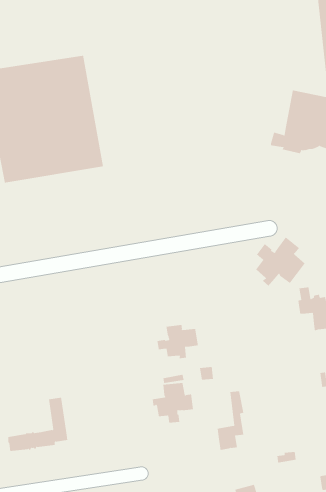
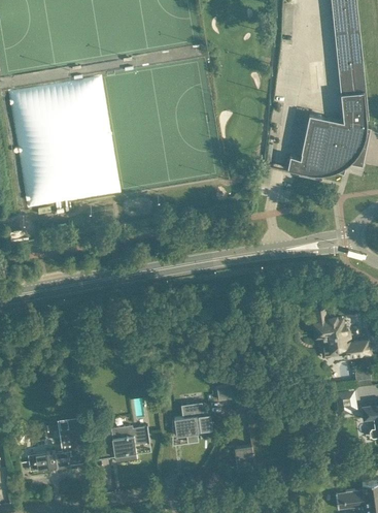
building: [255,236,306,286] -> none
building: [157,324,198,359] -> none
building: none -> [96,425,149,462]

